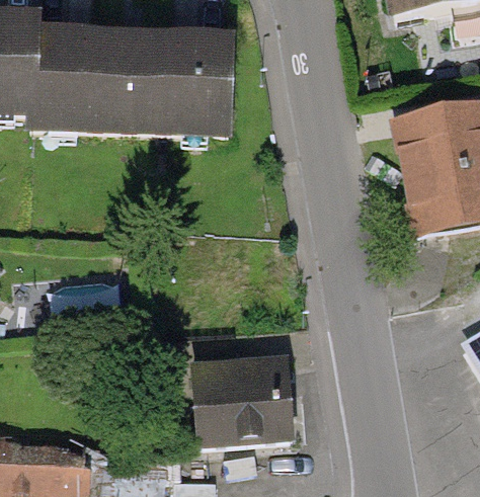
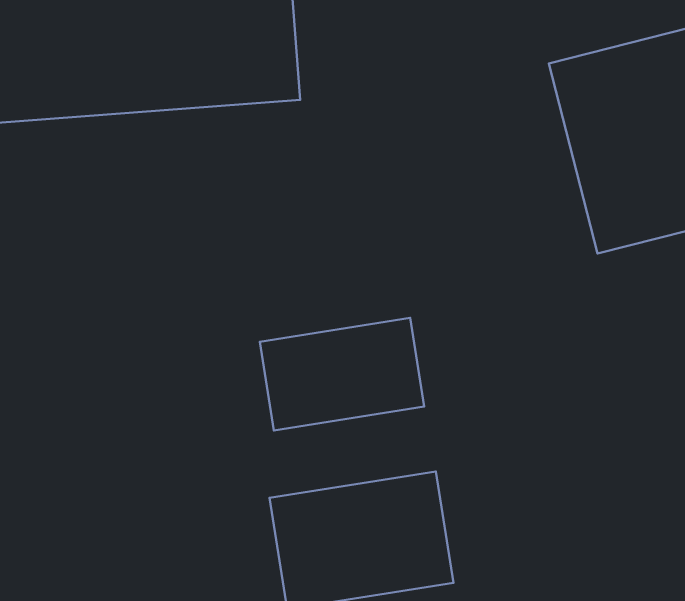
building: none -> [260,318,424,430]

